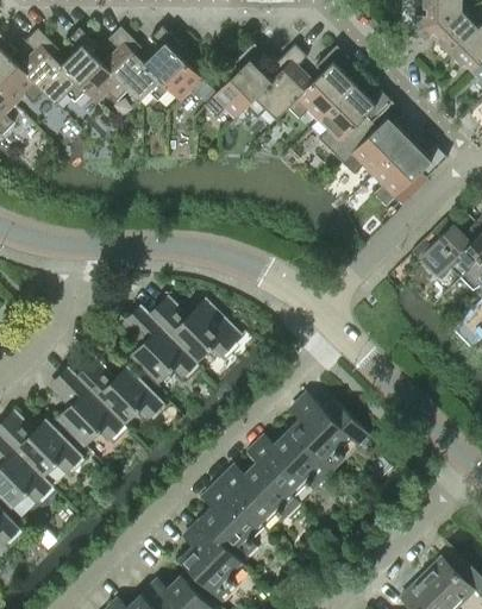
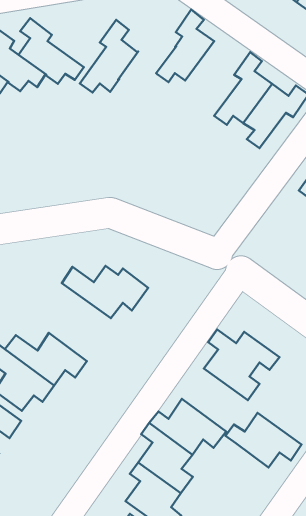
building: [245,44,313,120] -> none
building: [317,83,392,163] -> none
building: [125,306,195,383] -> none
building: [248,432,327,492] -> [226,413,301,468]

